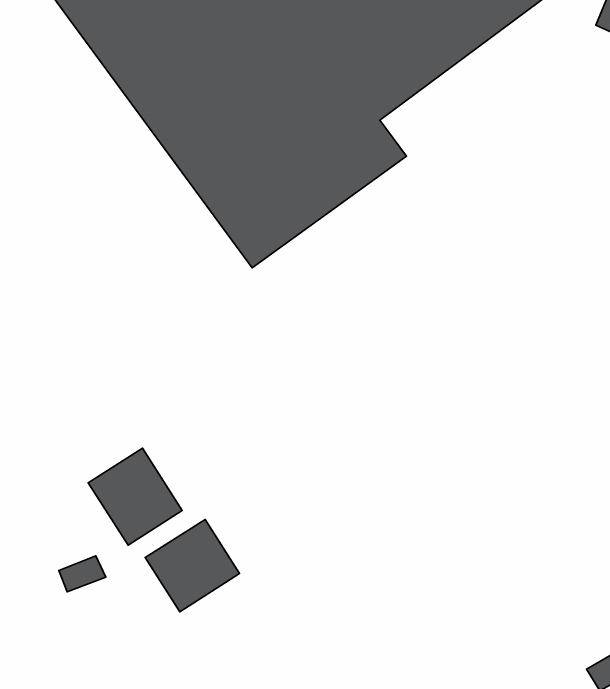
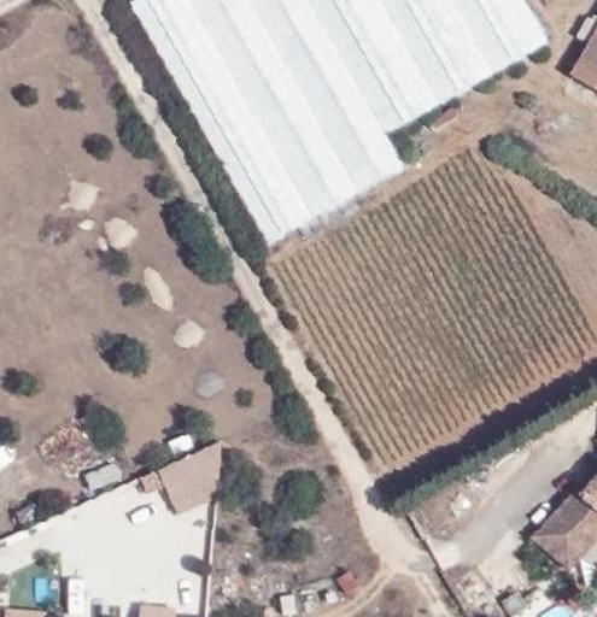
building: [88,448,182,545] -> none

